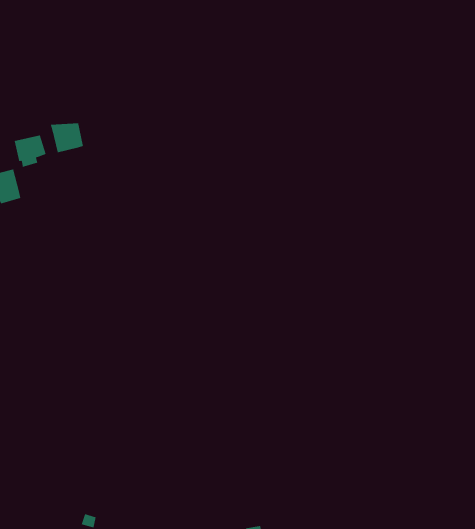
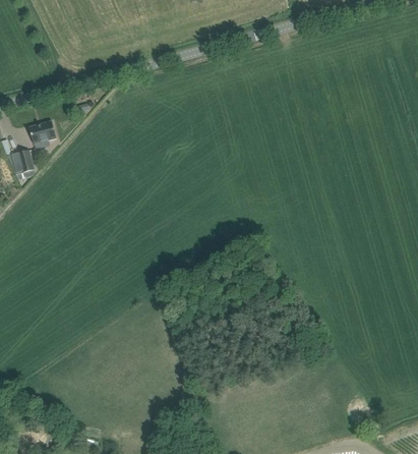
building: [50,122,84,153] -> none

